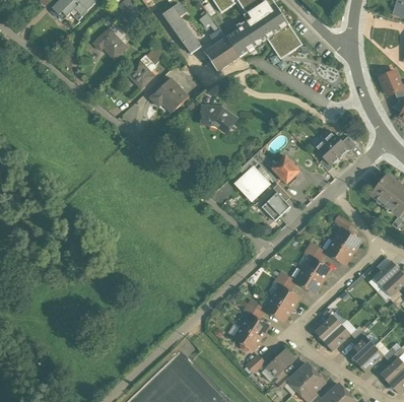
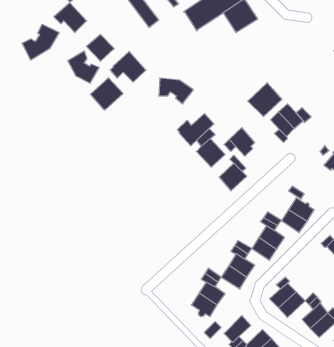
building: [202,37,239,70] -> none
building: none -> [22,24,59,60]
building: none -> [68,51,99,83]
building: none -> [90,78,123,110]
building: none -> [248,83,282,117]
building: none -> [177,114,214,146]

